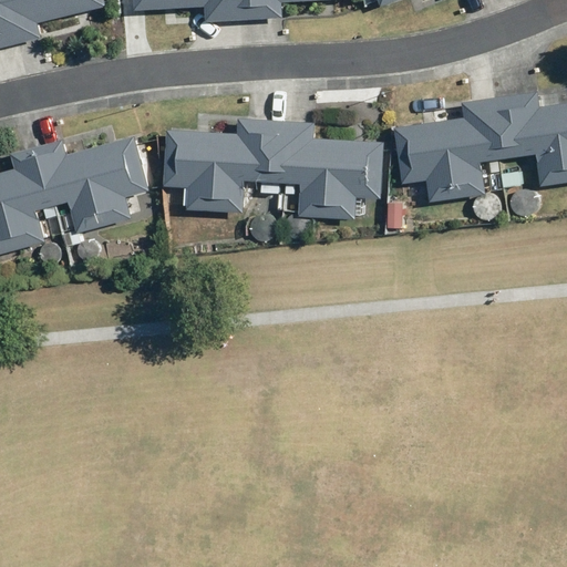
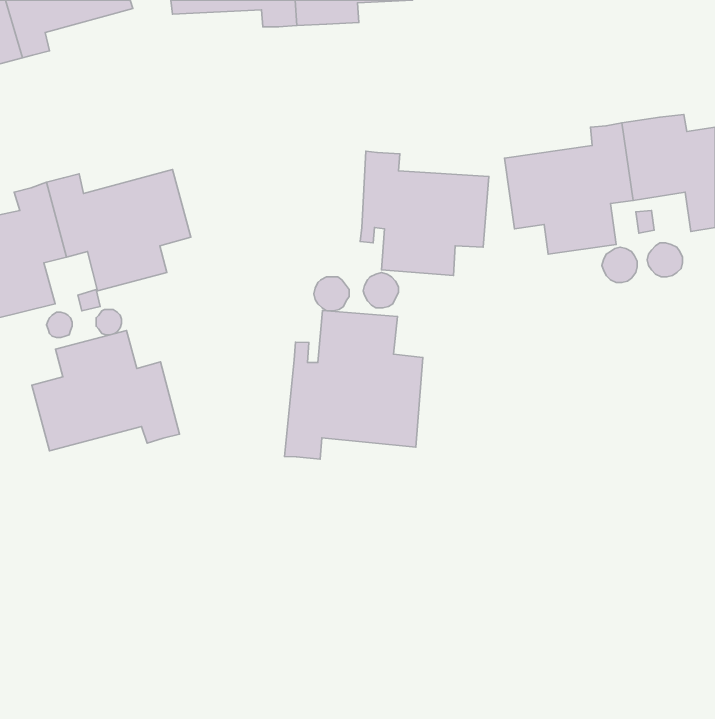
building: [163,117,287,210] -> none
building: none -> [285,310,423,459]
building: none -> [32,330,180,451]

